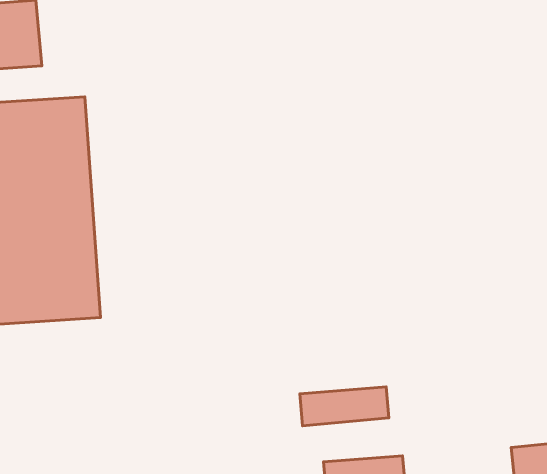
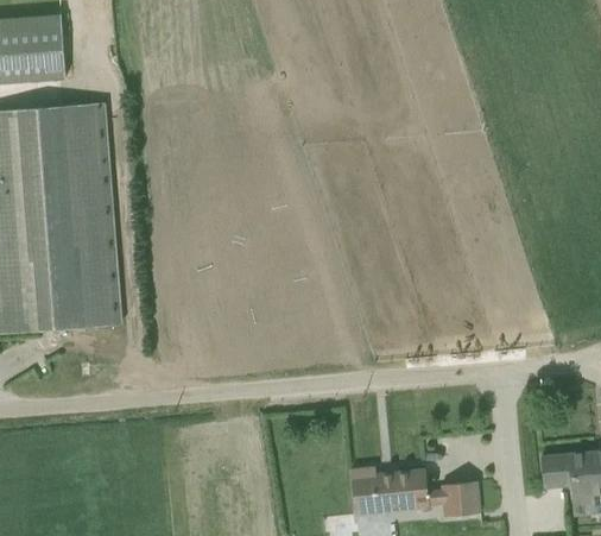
building: [300,387,389,426] -> none

